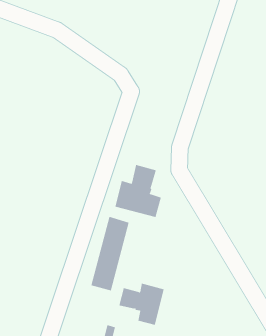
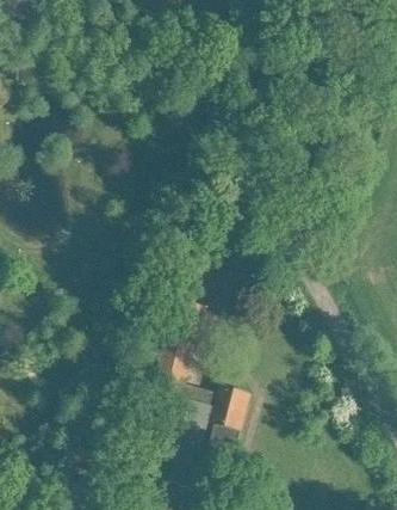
building: [115,164,161,218] -> none

